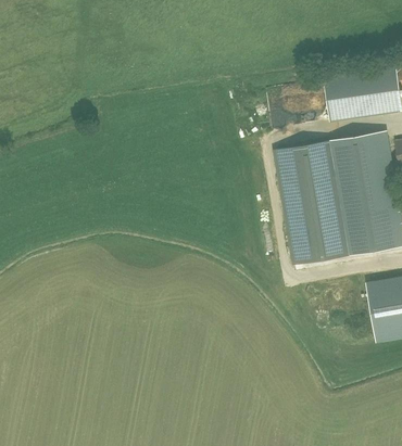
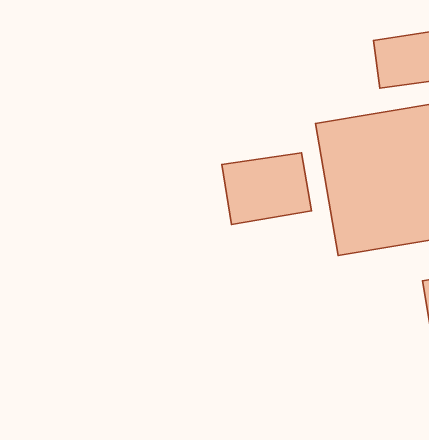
building: none -> [222,153,312,224]

